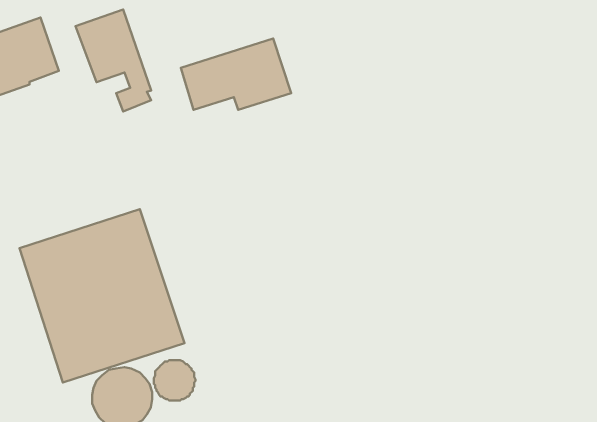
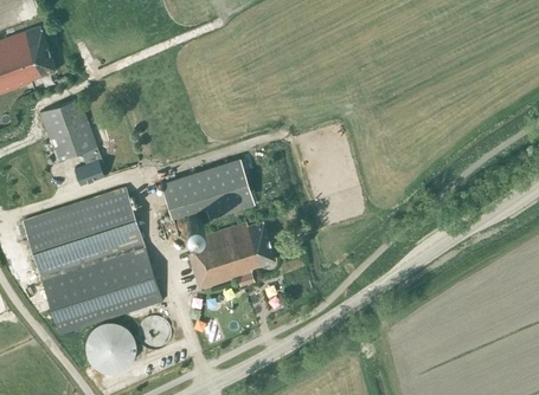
building: [76,9,151,112] -> [39,99,103,186]
building: [181,38,291,110] -> [161,158,255,219]
building: none -> [186,221,275,290]

